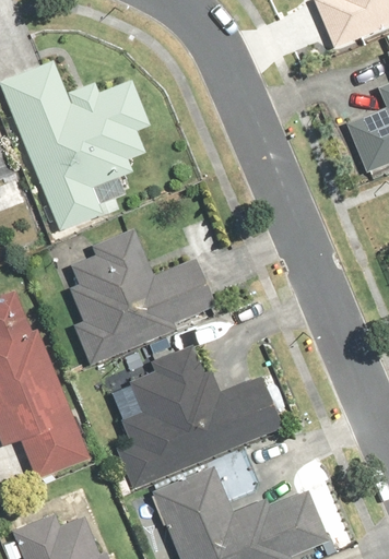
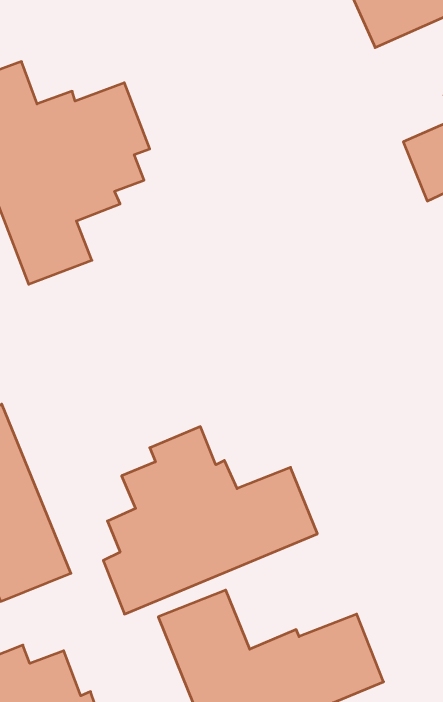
building: [68,226,219,366] -> none

